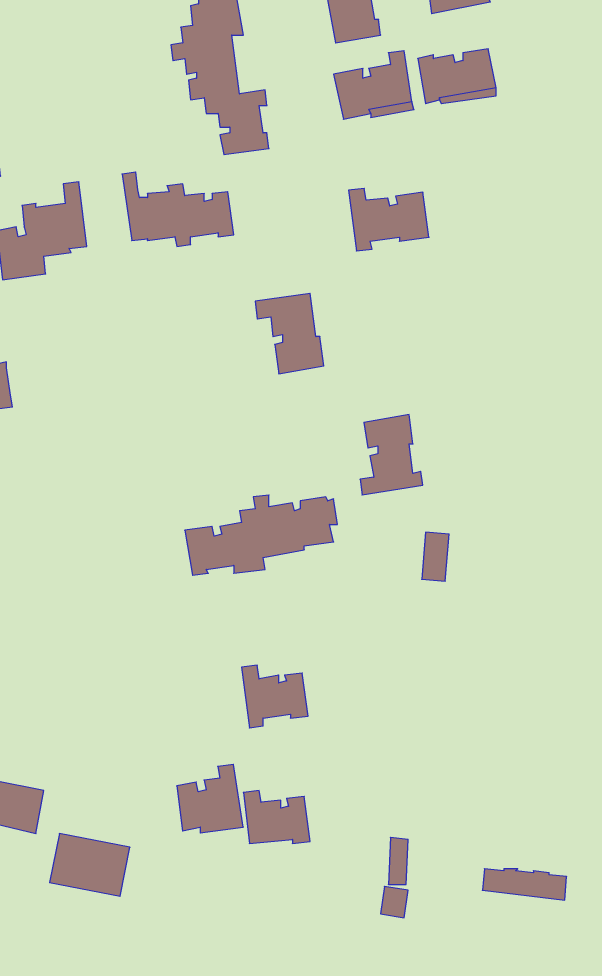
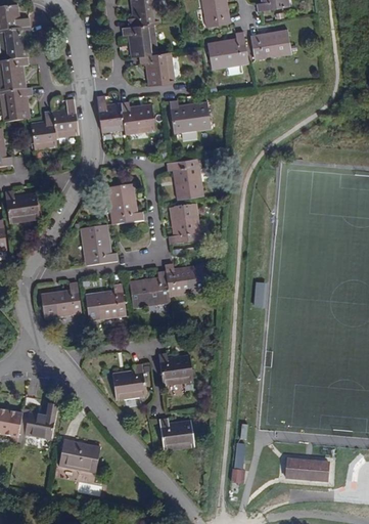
building: [349,188,429,251] -> [169,99,211,132]
building: none -> [106,183,143,224]
building: [360,415,423,495] -> [168,203,200,245]
building: none -> [84,224,118,264]
building: none -> [85,282,126,317]
building: none -> [41,288,81,316]
building: [177,764,243,833] -> [112,363,147,399]

